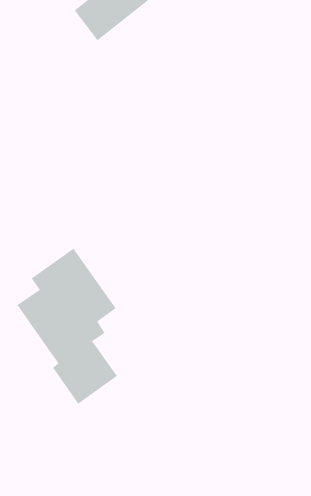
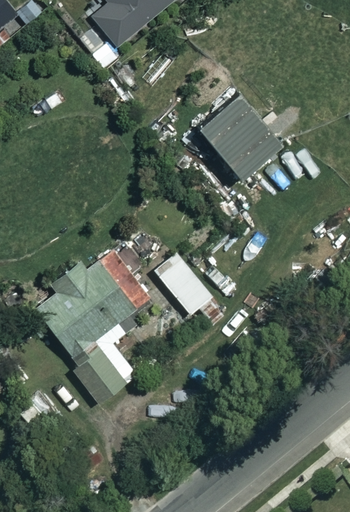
building: none -> [195,86,281,175]
building: none -> [154,254,210,313]

